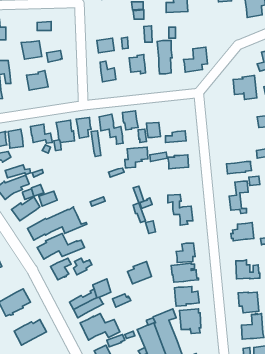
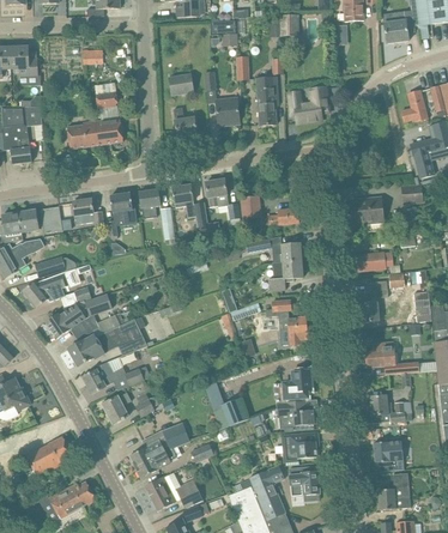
building: [21,41,42,59] -> [92,117,122,144]
building: [233,75,257,99] -> [350,196,385,231]
building: [125,147,148,168] -> [268,260,302,290]

